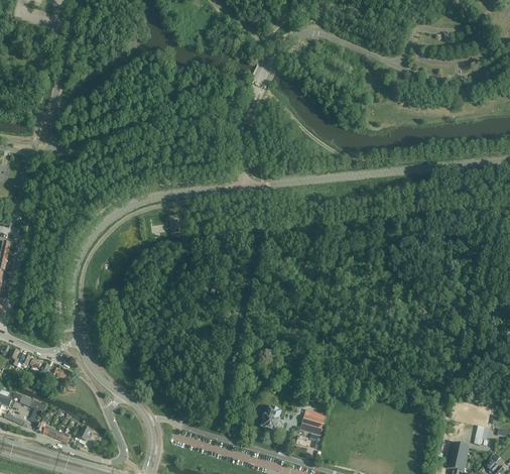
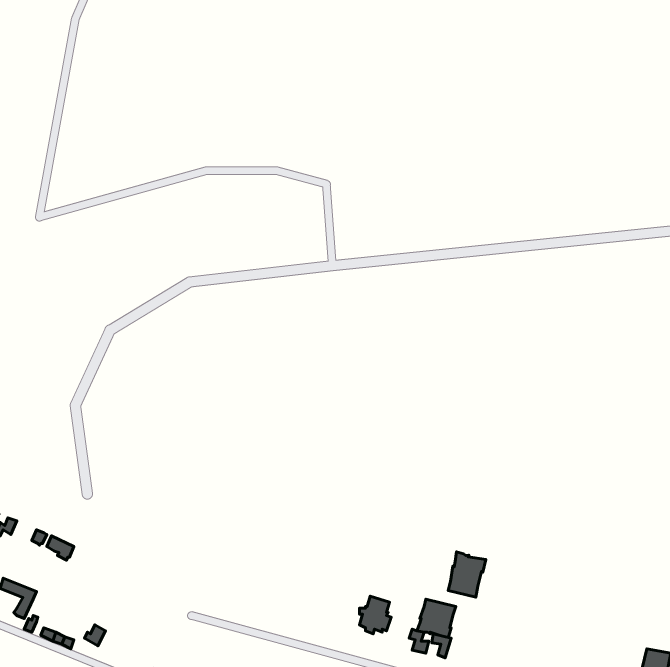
building: none -> [448,552,486,597]

